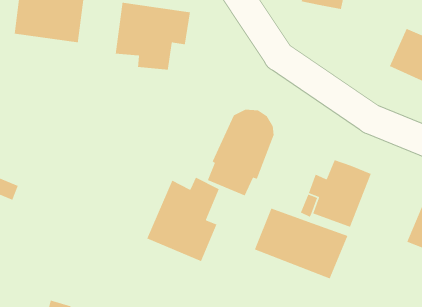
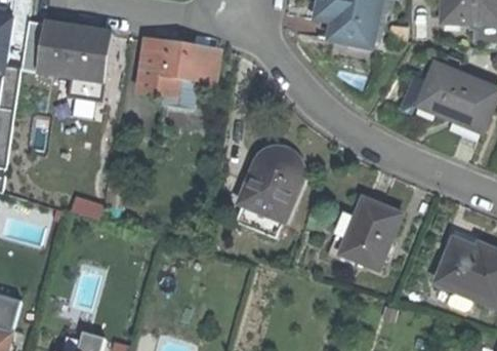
building: [146,177,220,262] -> none
building: [254,207,349,280] -> none

